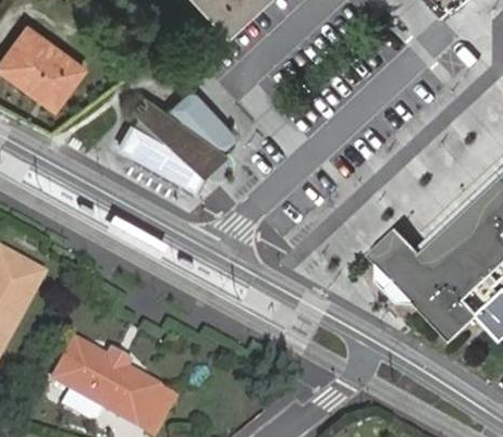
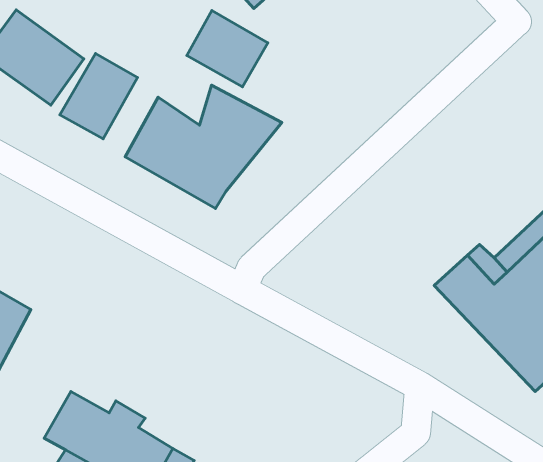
building: none -> [187,10,268,87]
building: none -> [60,53,138,139]

